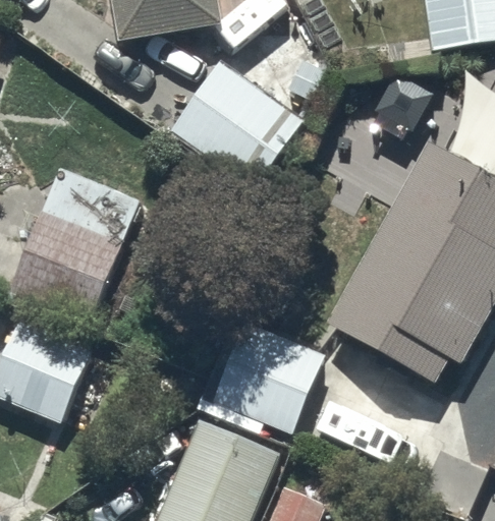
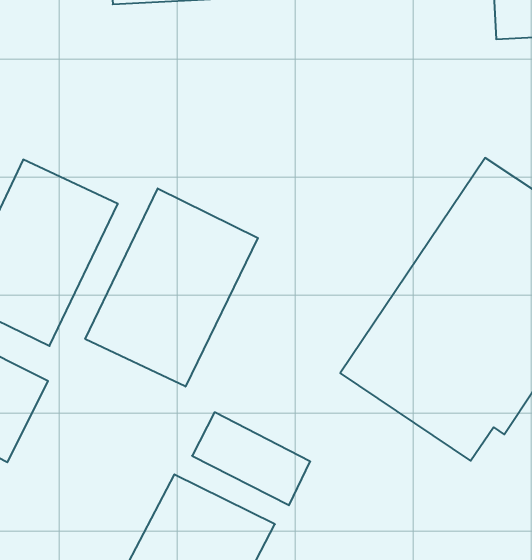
building: [170,61,302,189] -> none
building: none -> [85,188,258,387]

